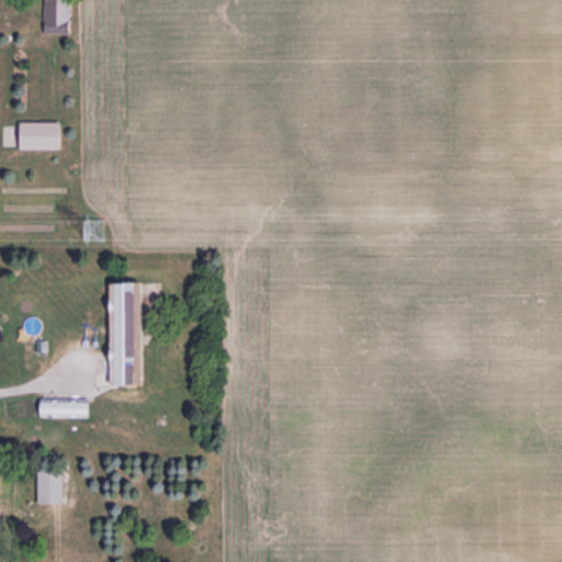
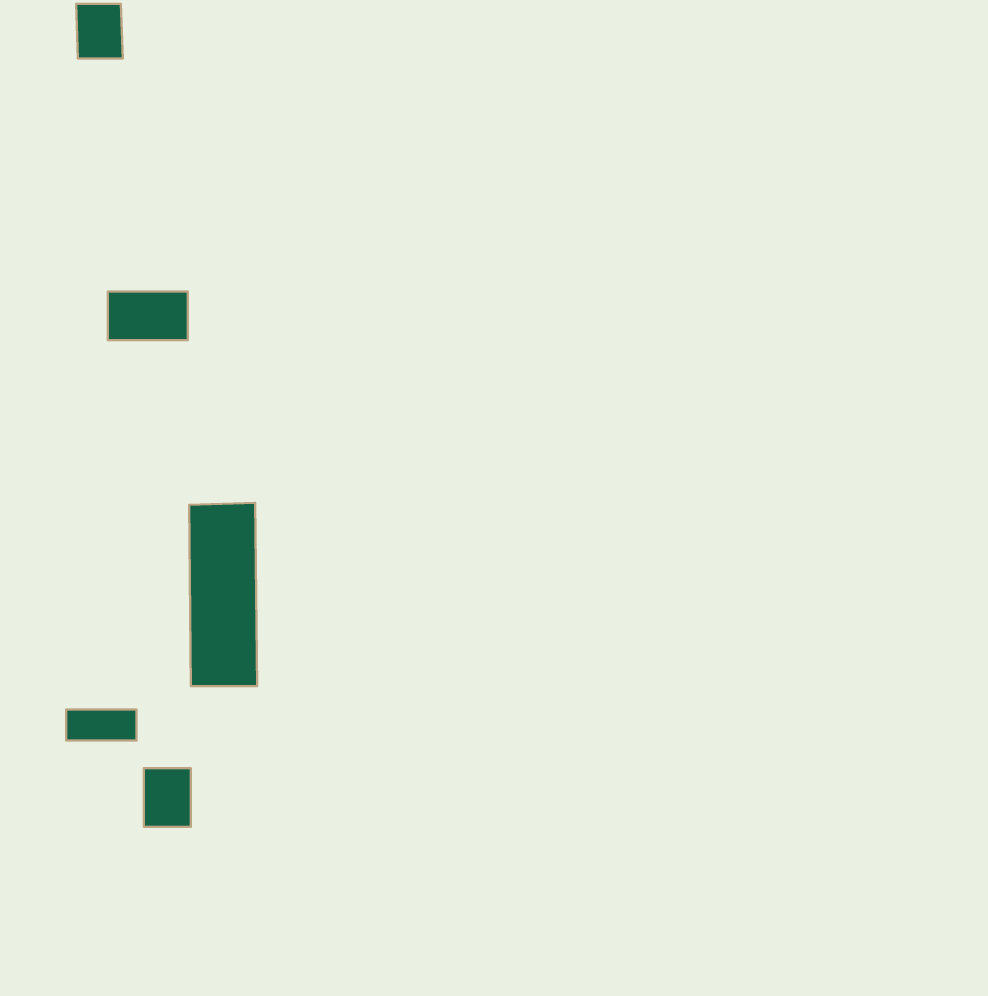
building: [18,123,63,150] -> [108,291,188,340]
building: [36,471,63,504] -> [144,768,191,827]

